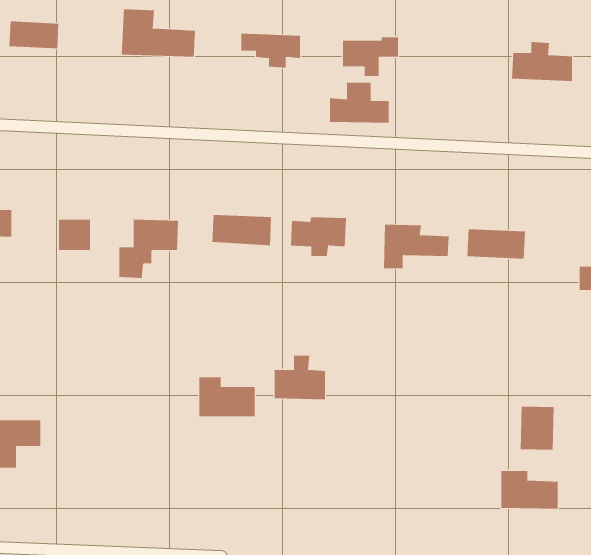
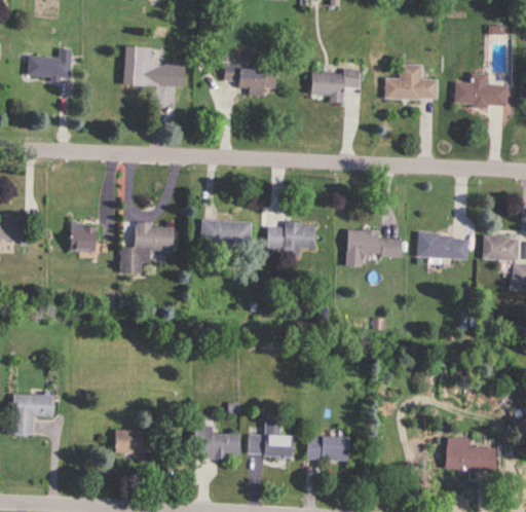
building: [329,82,390,123] -> [386,64,438,99]
building: none -> [483,234,519,260]
building: [274,355,326,400] -> [251,423,295,461]
building: [199,377,255,417] -> [194,426,242,460]
building: [520,406,554,451] -> none
building: none -> [115,431,143,453]
building: none -> [307,436,349,461]

